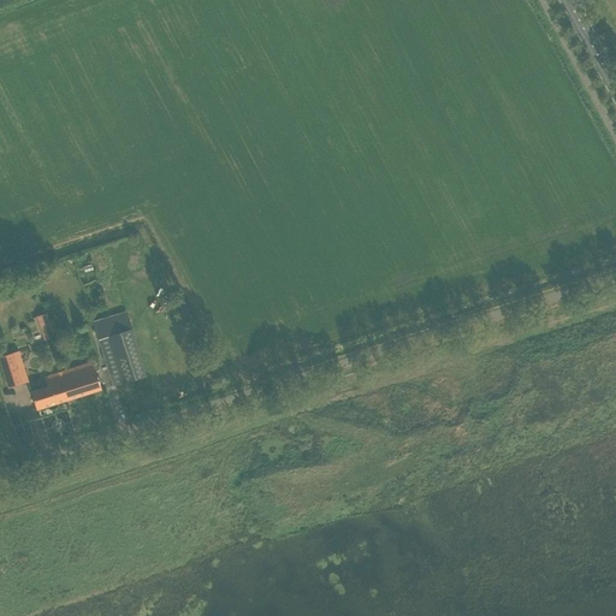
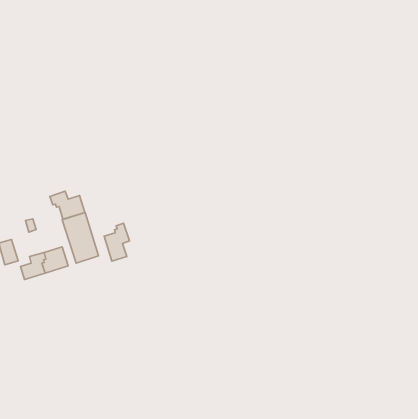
building: none -> [50,191,85,219]
building: none -> [104,223,130,261]

